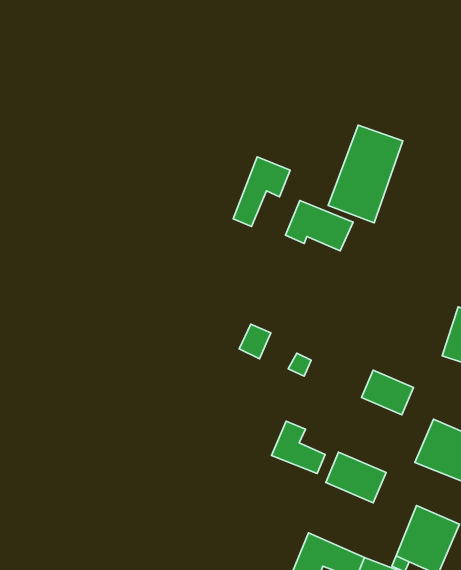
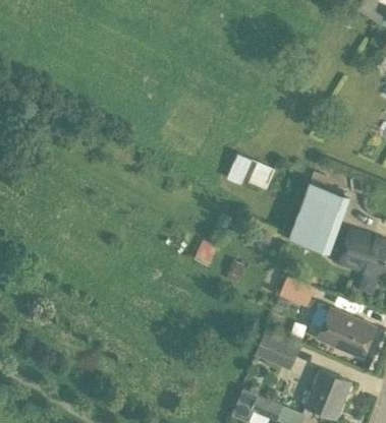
building: [328,125,403,223] -> [290,182,343,251]
building: [233,157,290,226] -> none
building: [271,421,325,473] -> none

